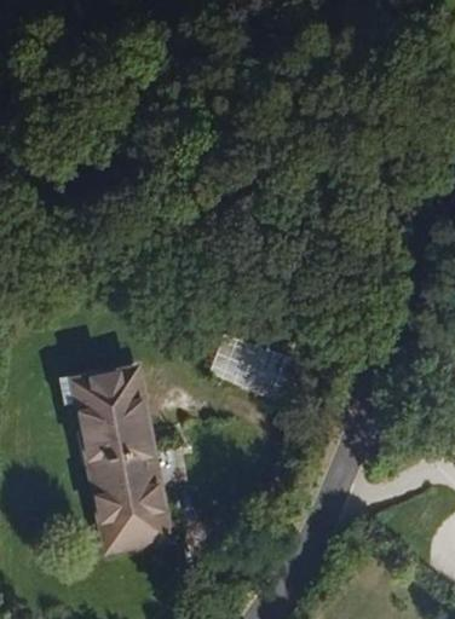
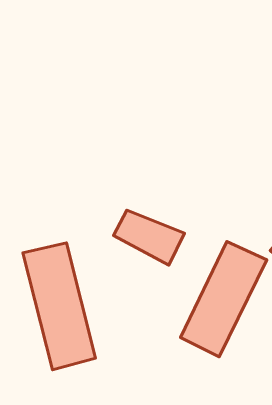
building: none -> [180,242,267,357]

